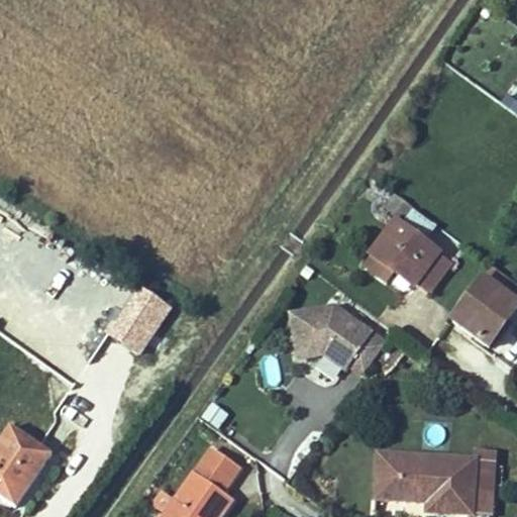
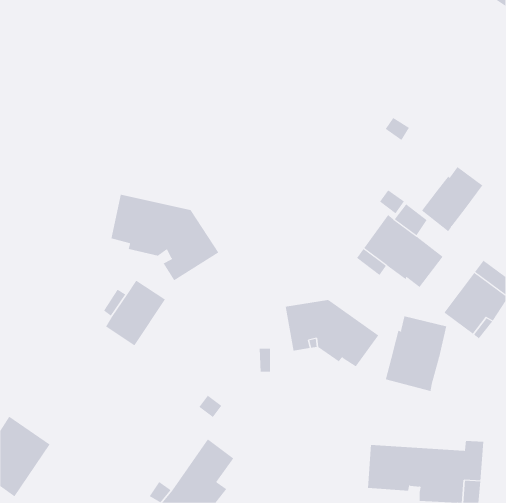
building: none -> [421,166,483,232]
building: none -> [111,194,219,281]
building: none -> [385,315,447,392]

